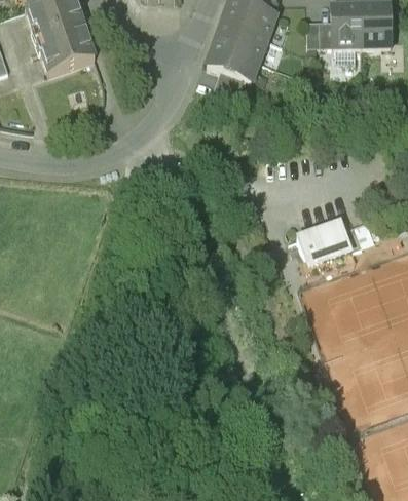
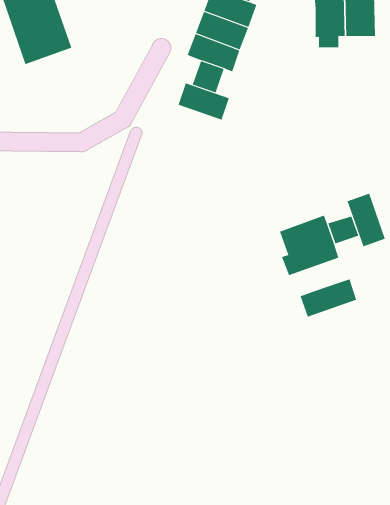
building: [308,14,333,40] -> none
building: none -> [178,82,230,121]
building: none -> [347,193,385,247]
building: none -> [300,278,357,317]

